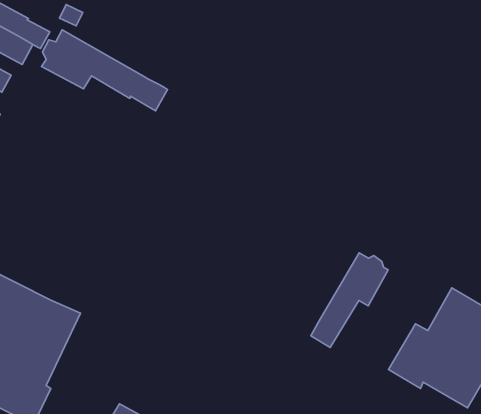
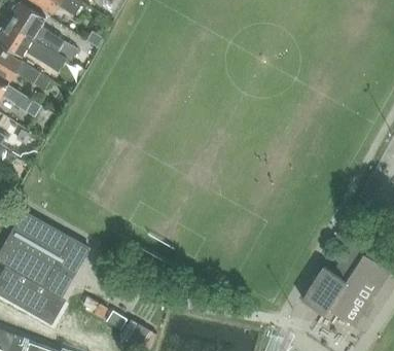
building: [41,30,167,111] -> none
building: [311,253,388,348] -> none

